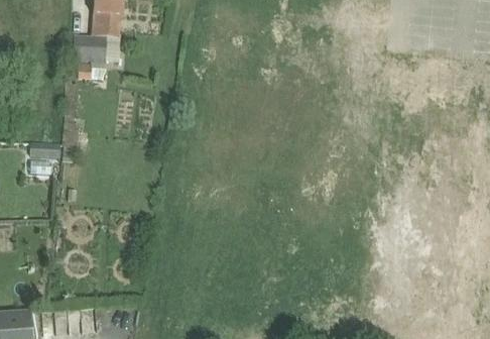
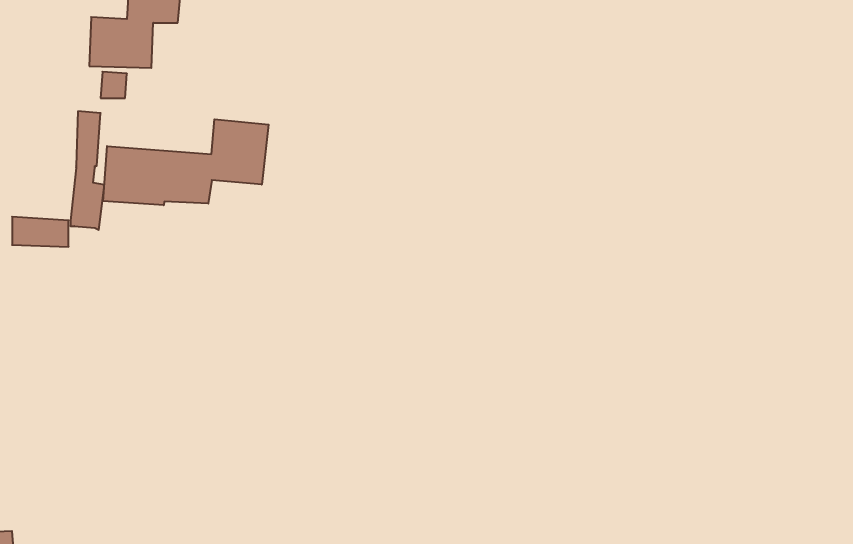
building: none -> [103,119,269,205]

